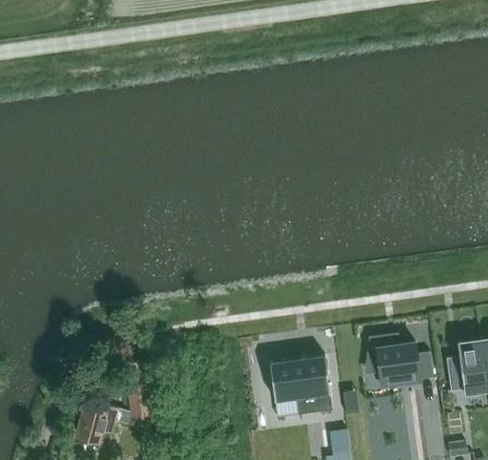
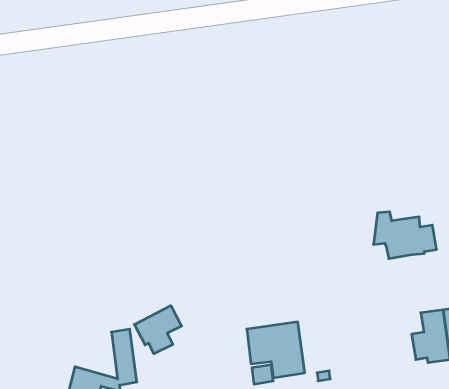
building: none -> [134,306,182,354]
building: [366,337,433,387] -> [373,212,437,259]

